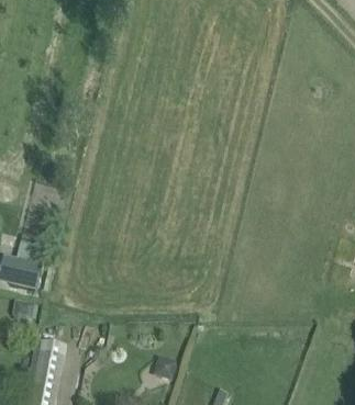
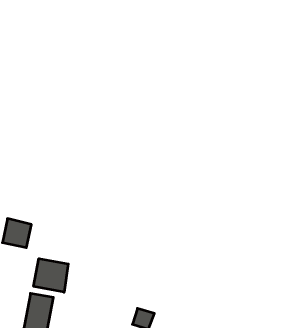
building: none -> [34,259,68,292]

